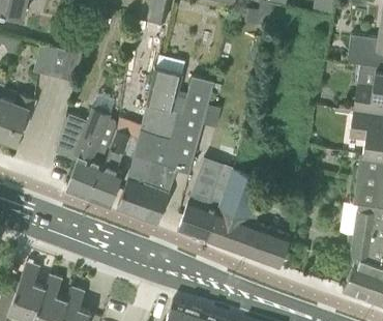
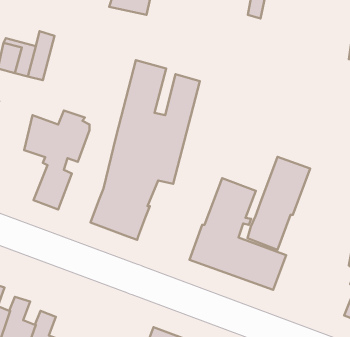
building: [88,133,129,205] -> none
building: [178,158,234,241] -> [247,157,310,250]

